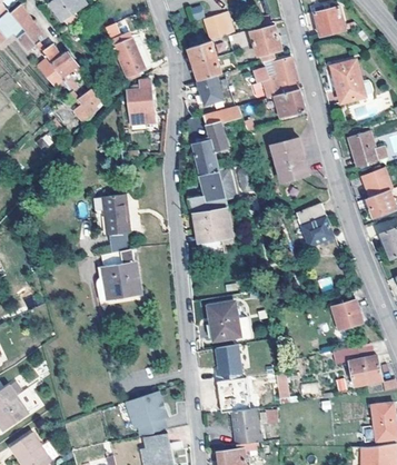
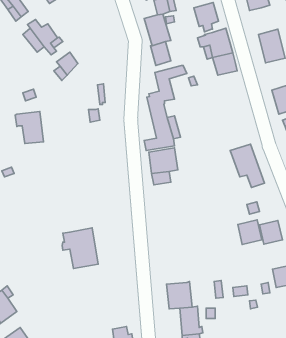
building: [111,33,143,79] -> none
building: [128,79,153,125] -> none
building: [271,137,308,181] -> none
building: [93,195,129,235] -> [15,112,43,143]
building: [93,249,139,300] -> [62,228,98,269]
building: none -> [238,220,262,245]
building: [207,303,248,339] -> none
building: [215,343,241,379] -> none
building: [126,388,168,435] -> none

